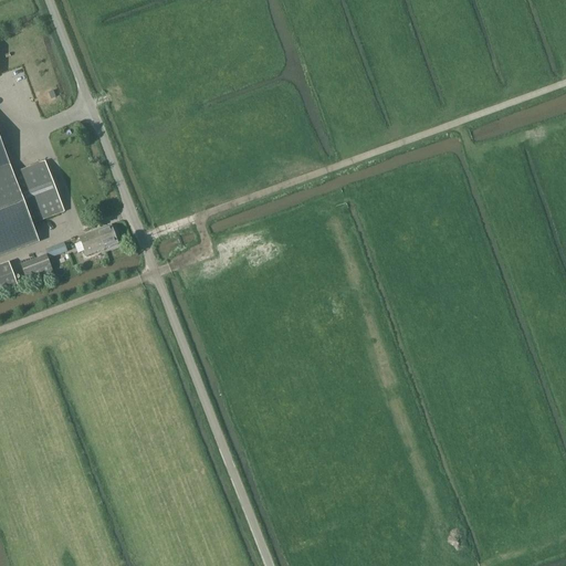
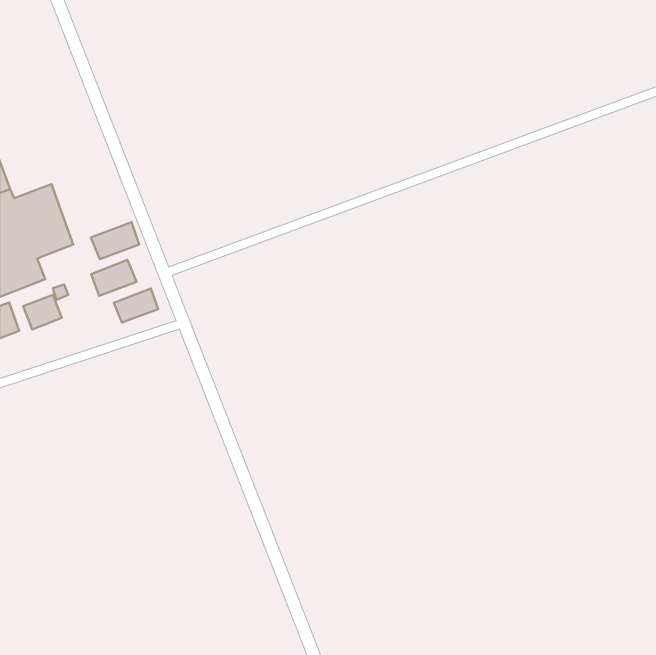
building: none -> [91,222,139,259]
building: none -> [114,289,158,323]

